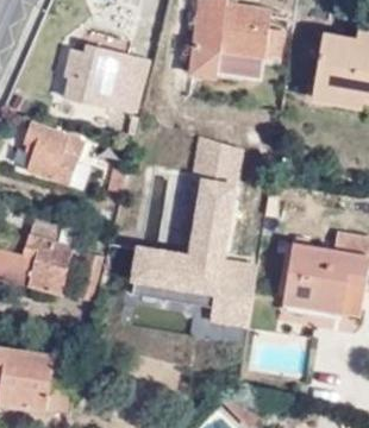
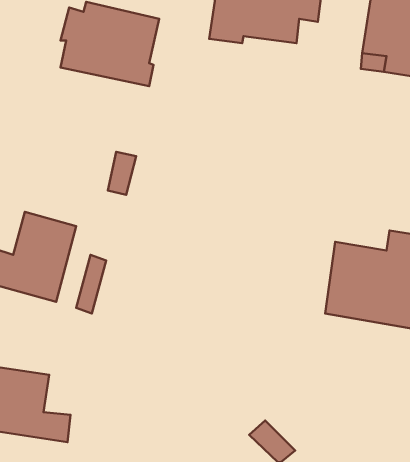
building: [24,121,83,181] -> none
building: [131,138,255,323] -> none

